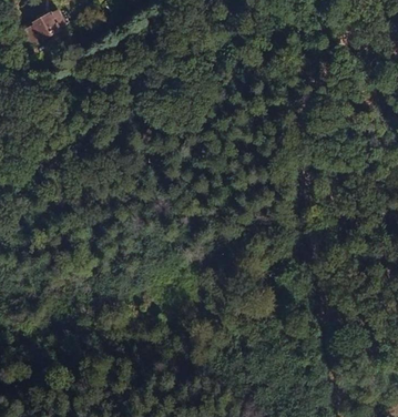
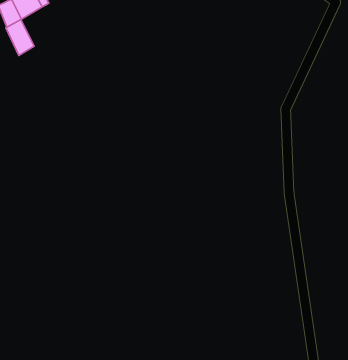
building: none -> [6,20,34,55]

